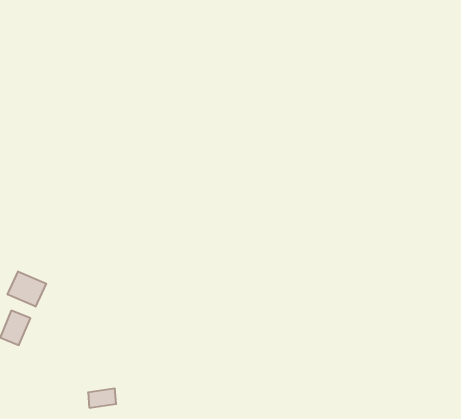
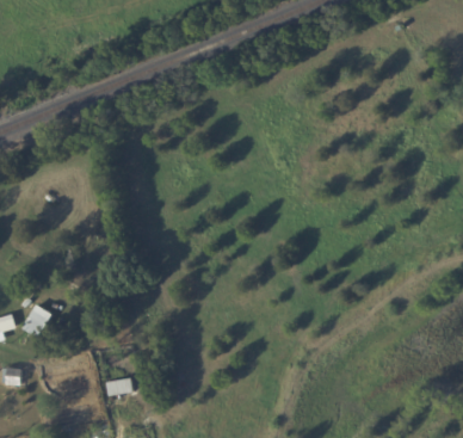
building: [8,271,46,307] -> none

